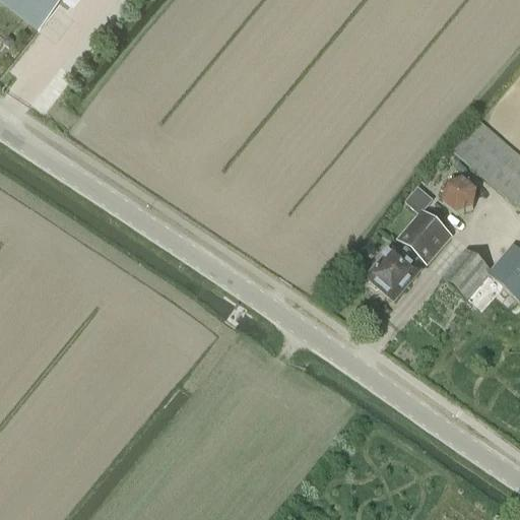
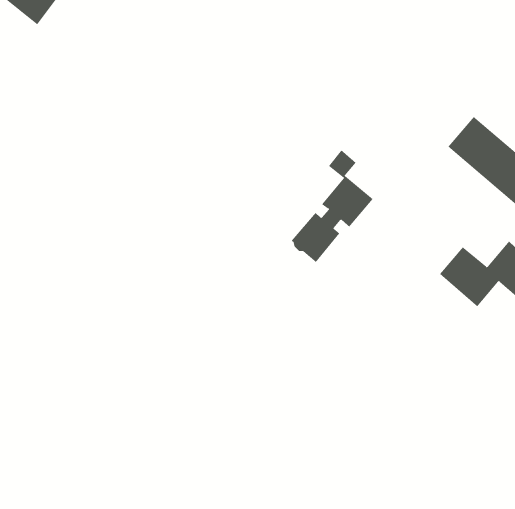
building: [444,176,477,211] -> none
building: [368,184,451,298] -> [291,150,374,263]

